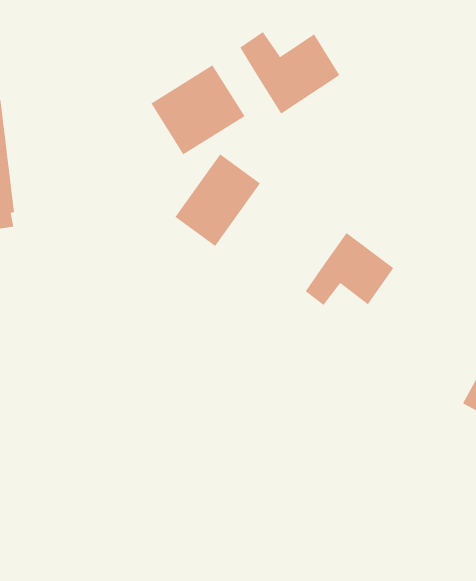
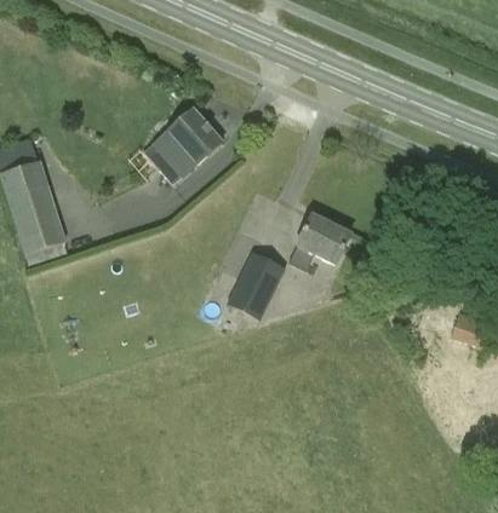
building: [240,31,340,115] -> none
building: [175,153,261,247] -> [227,249,286,318]

